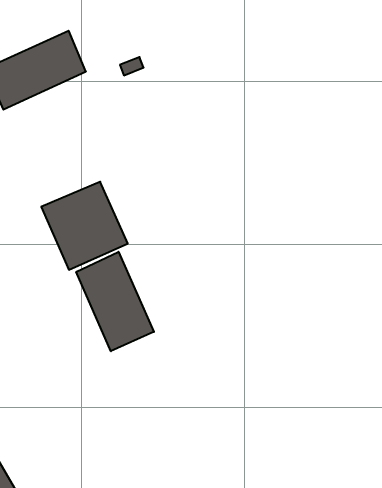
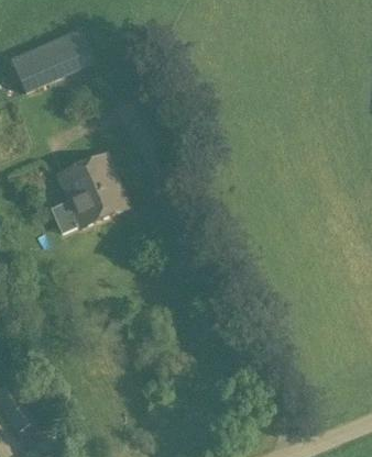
building: [76,252,154,351] -> none

